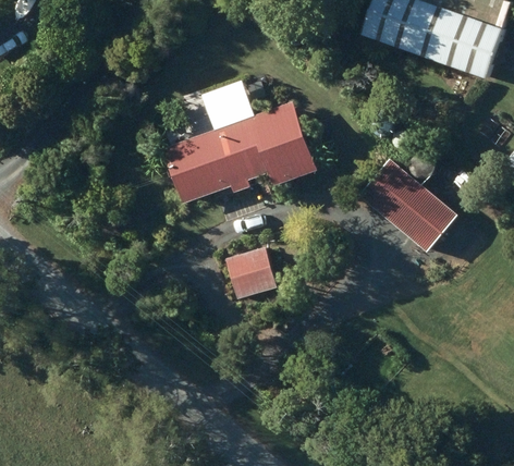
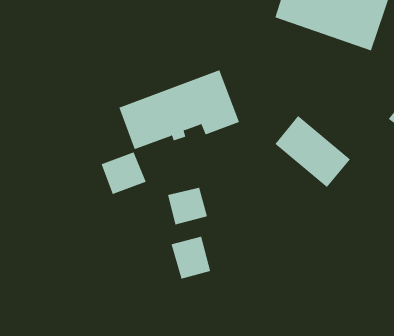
building: none -> [101,151,147,195]
building: none -> [171,236,211,279]

